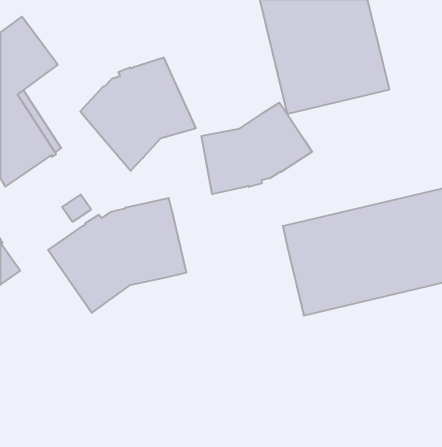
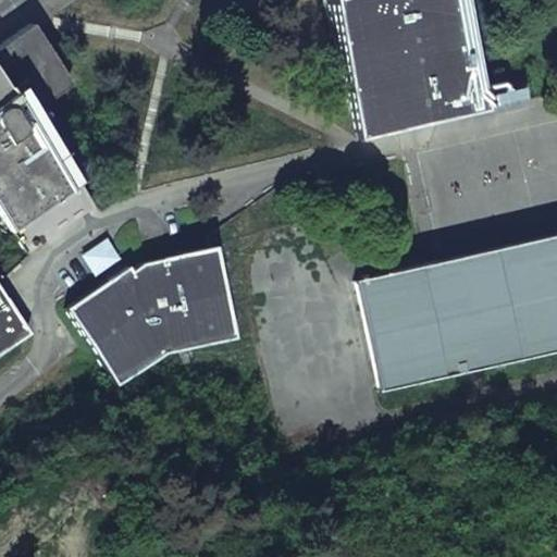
building: [80,57,196,171] -> none
building: [201,103,312,194] -> none

